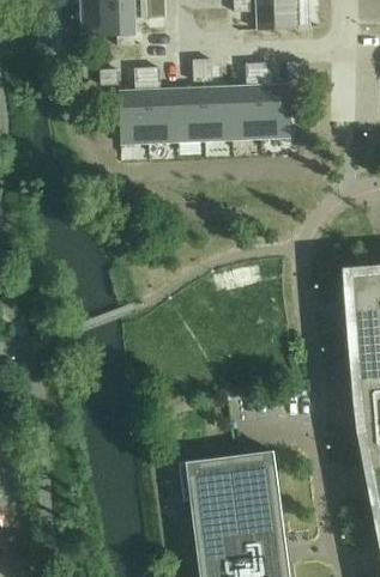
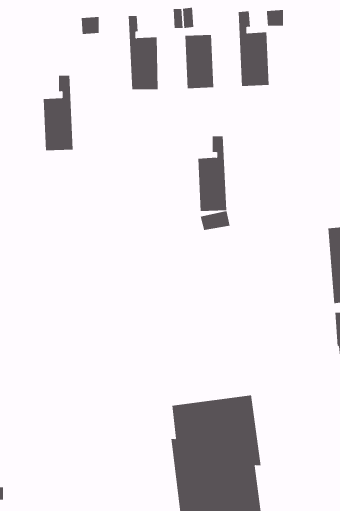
building: [231,62,261,139] -> [198,136,227,212]
building: [119,66,150,142] -> [43,75,74,151]
building: [176,86,206,141] -> none

